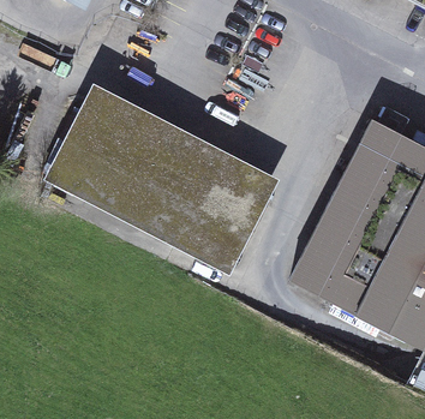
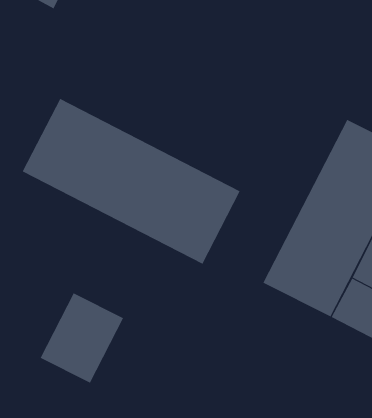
building: none -> [40,293,124,384]

